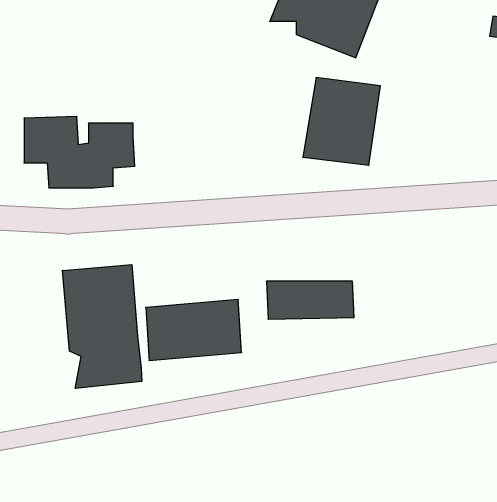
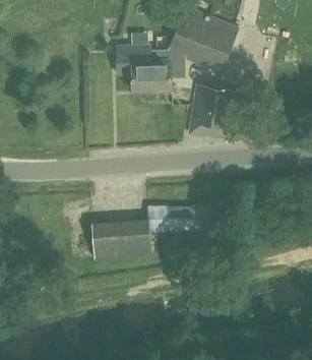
building: [24,117,135,188] -> [117,45,185,88]
building: [62,265,142,388] -> none

